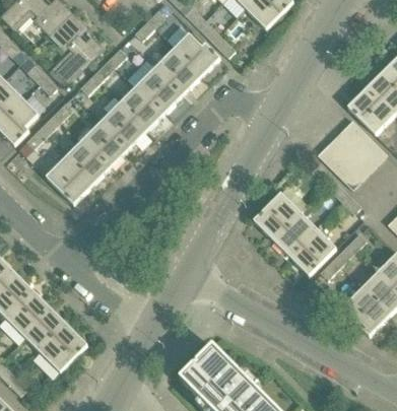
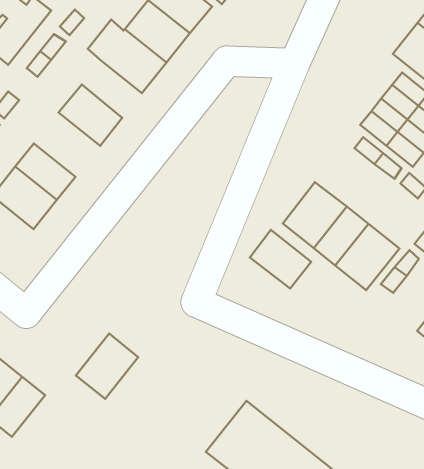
building: [120,87,162,131] -> none
building: [80,122,128,169] -> none
building: none -> [250,230,311,288]
building: [41,325,87,371] -> [76,334,138,399]

